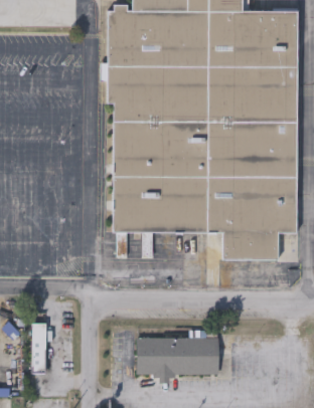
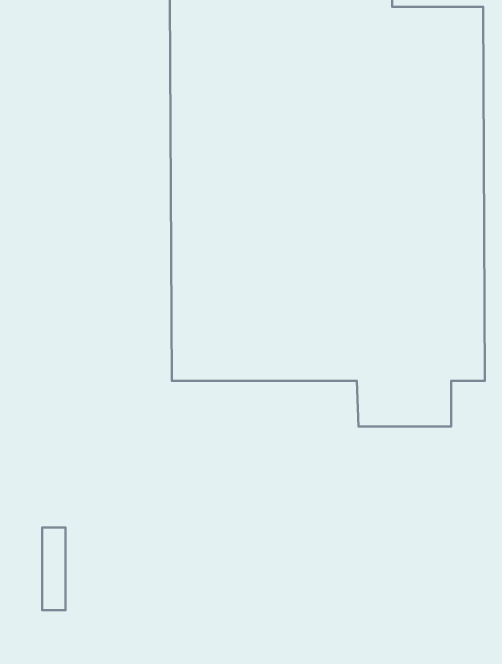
building: [138,334,219,372] -> none

